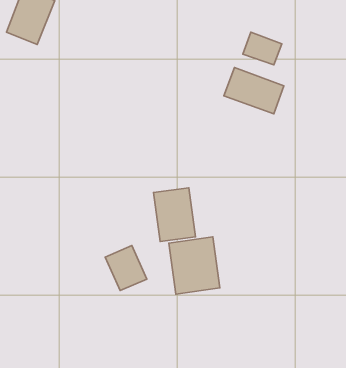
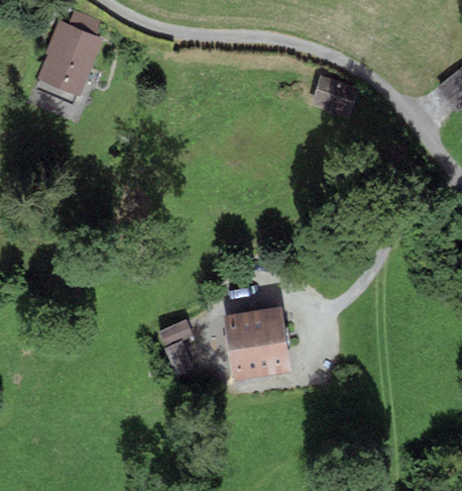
building: [224,67,284,114] -> none
building: [154,188,196,242] -> none

